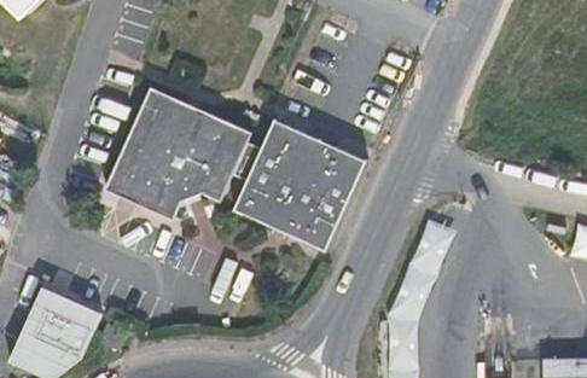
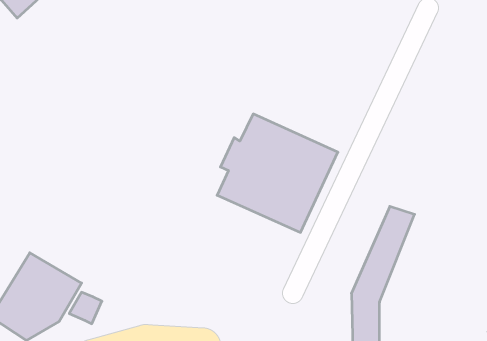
building: [109,89,256,217] -> none

